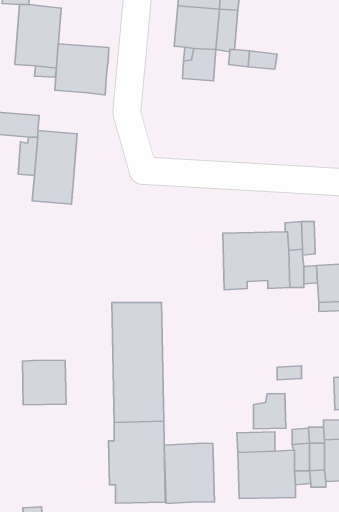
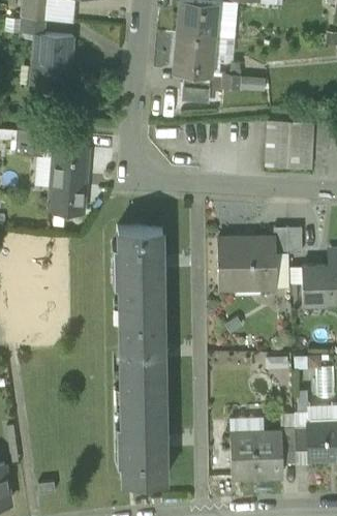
building: [55,44,109,95] -> none
building: none -> [266,121,315,169]
building: none -> [113,226,163,300]
building: [22,360,66,405] -> none
building: [254,393,286,429] -> none
building: [164,443,215,504] -> none

